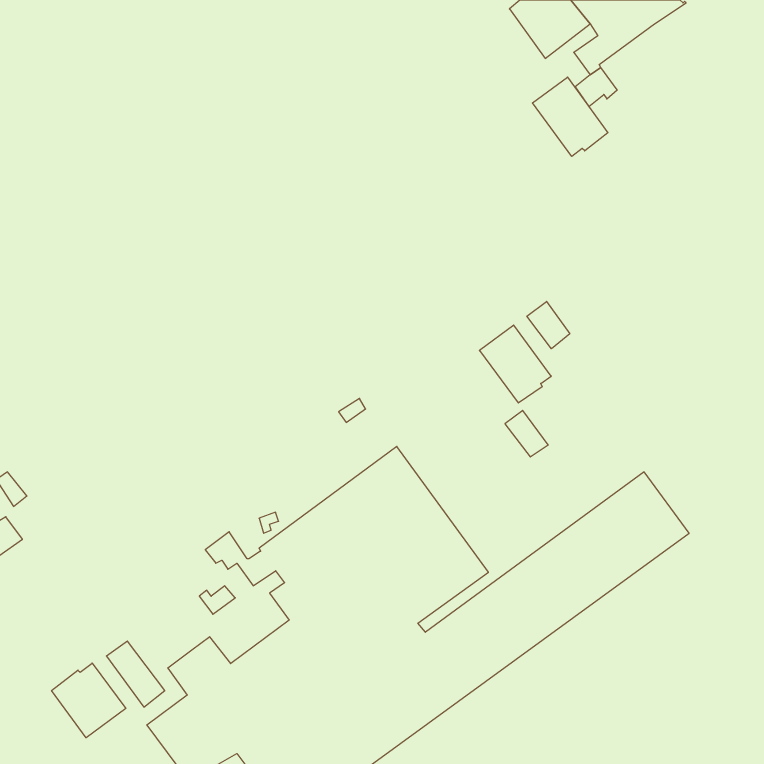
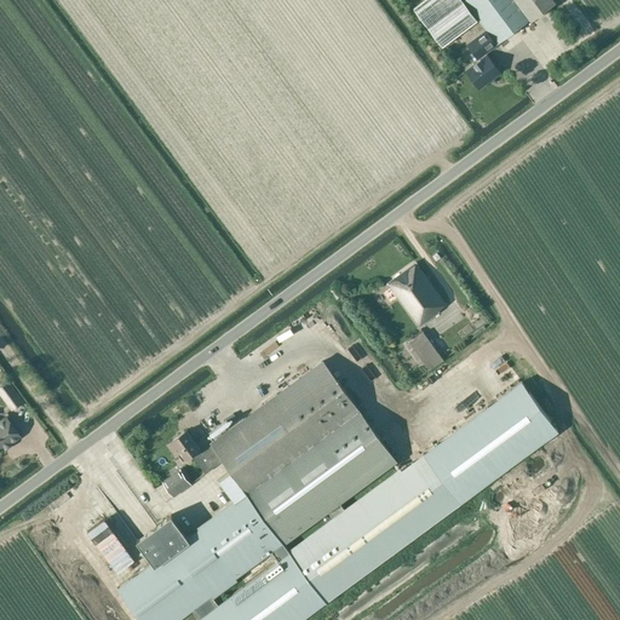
building: [532,77,608,156] -> none
building: [527,301,570,349] -> none
building: [52,663,126,738] -> none

